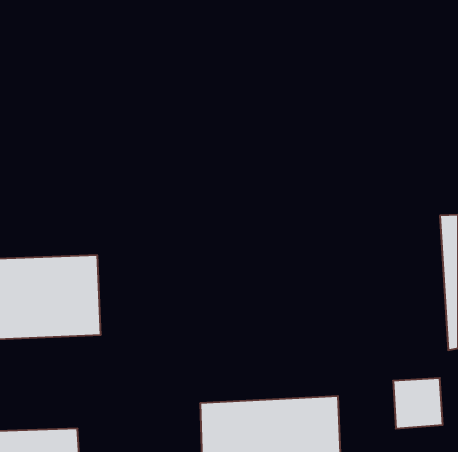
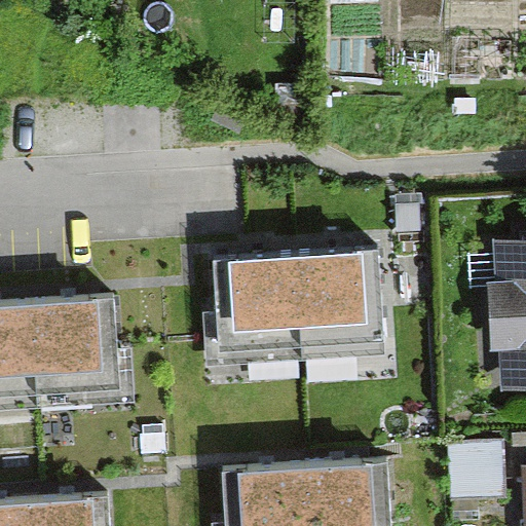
building: none -> [230,243,375,341]

